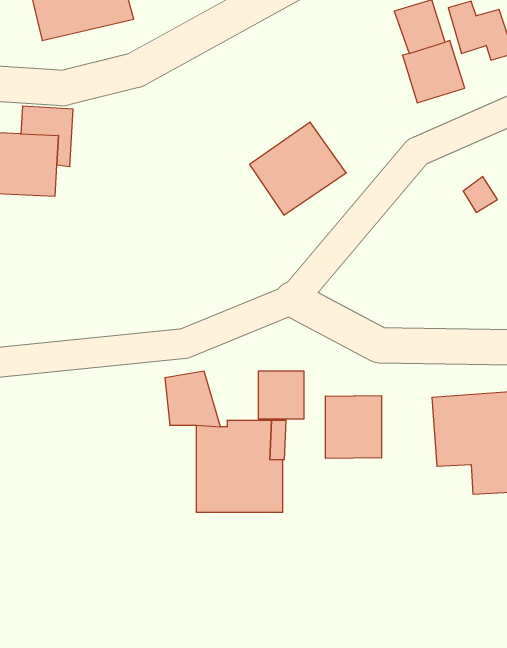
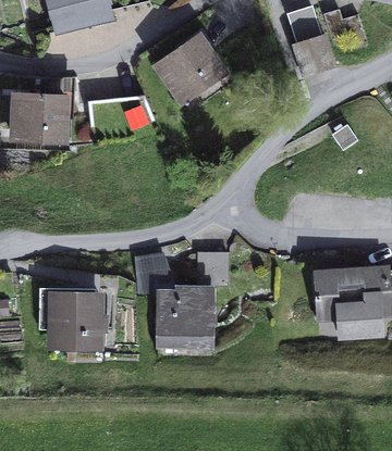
building: [250,122,346,215] -> [158,37,222,99]
building: [325,396,382,458] -> none
building: none -> [51,293,106,344]

